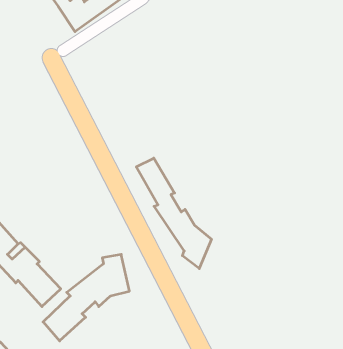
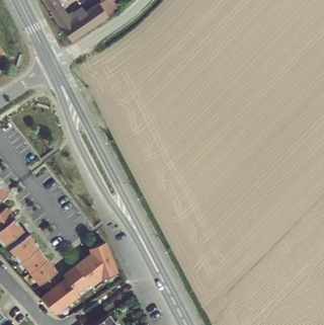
building: [136,158,211,269] -> none

